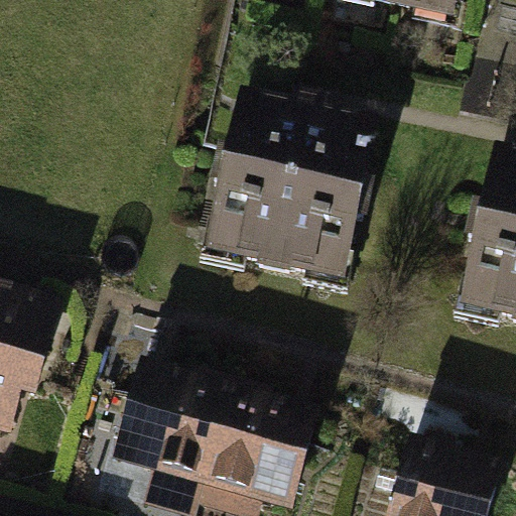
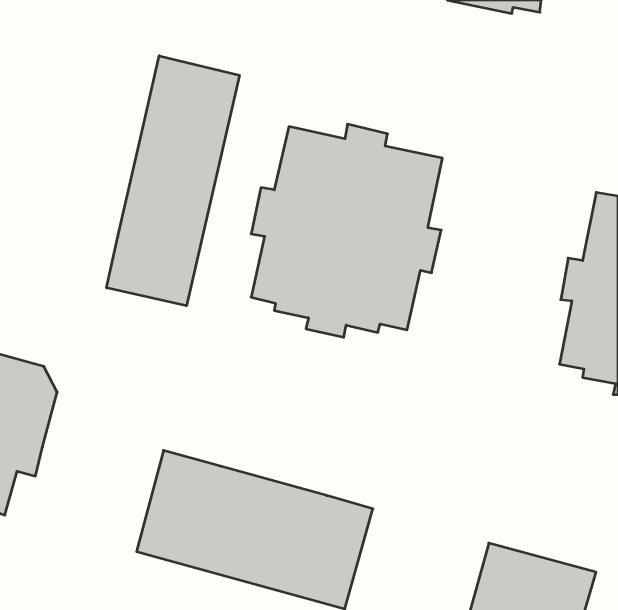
building: none -> [107,56,239,306]

